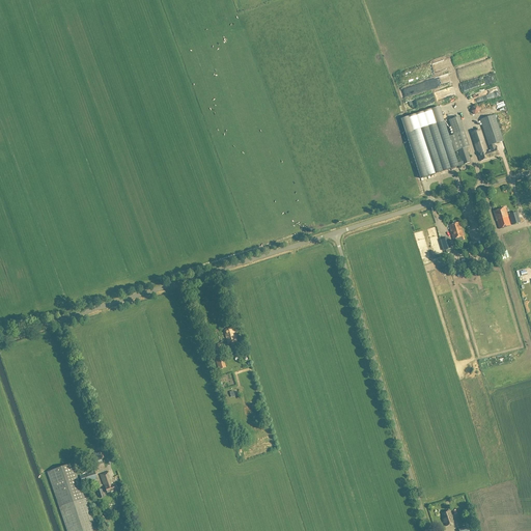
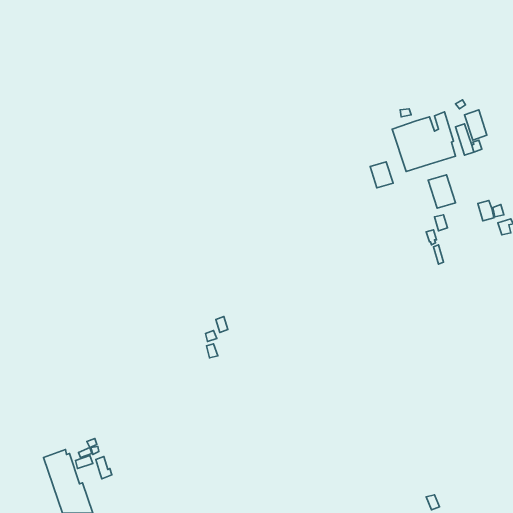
building: none -> [370,162,393,188]
building: none -> [428,175,456,208]

